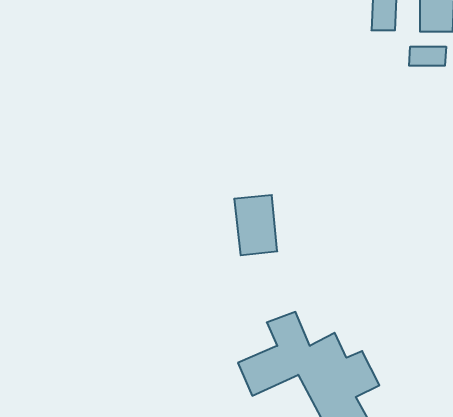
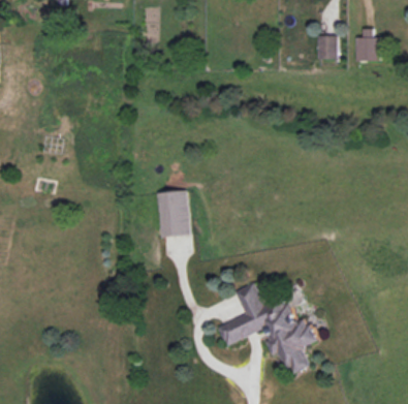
building: [409,47,446,66] -> none
building: [234,195,277,255] -> [159,192,193,240]

